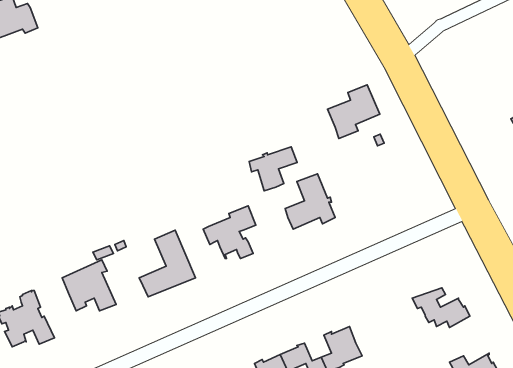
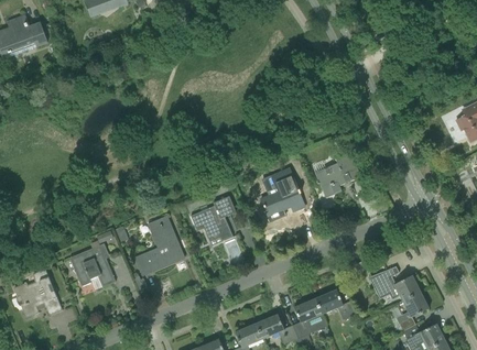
building: [327,85,380,139] -> [315,151,360,197]
building: [249,147,297,191] -> none
building: none -> [316,288,357,319]
building: none -> [395,291,429,330]

